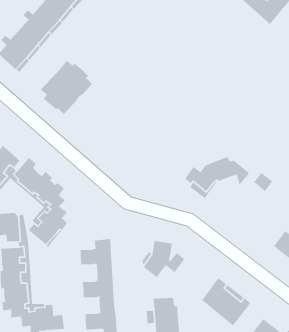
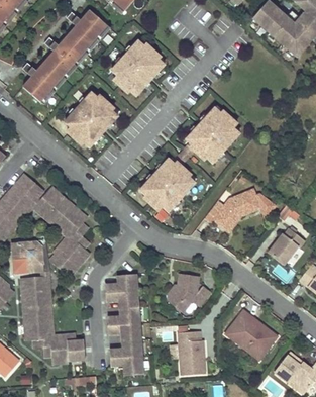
building: none -> [111,40,164,95]
building: none -> [139,106,240,211]
building: none -> [268,228,304,264]

